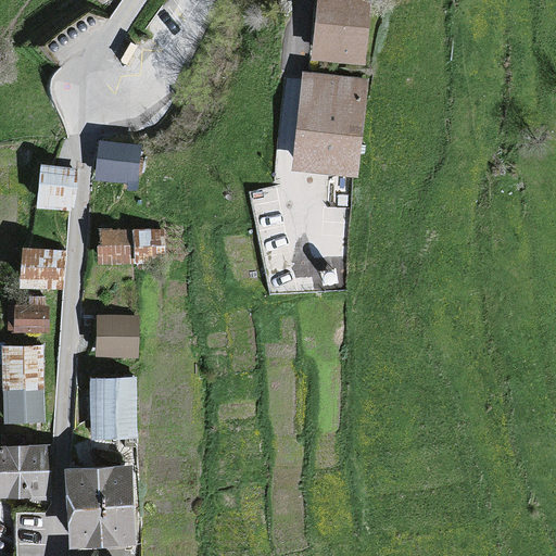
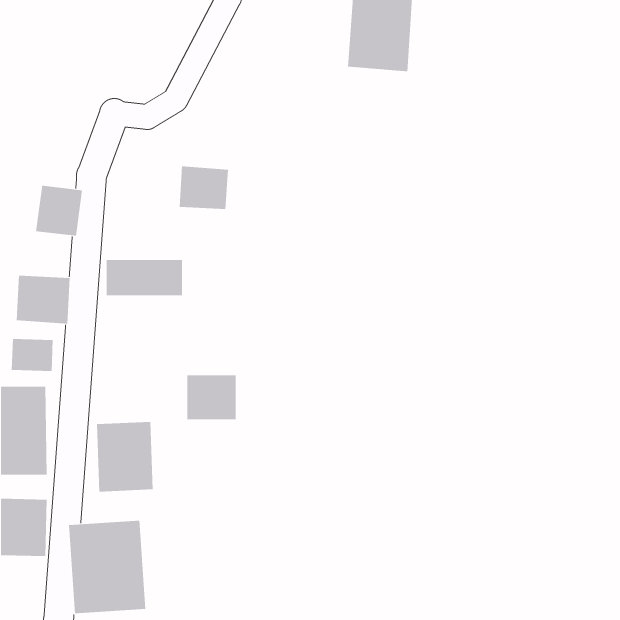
building: [293,74,367,180] -> none
building: [98,143,142,182] -> [179,166,229,210]
building: [92,316,137,356] -> [186,375,236,420]

